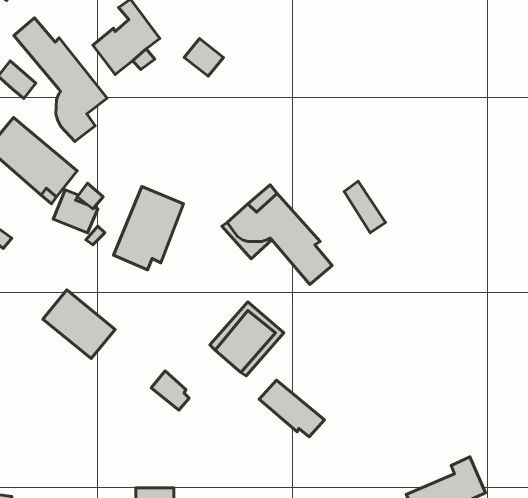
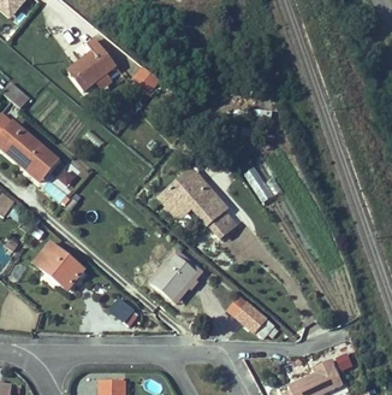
building: [14,18,107,142] -> none
building: [114,187,184,270] -> none
building: [259,380,325,437] -> [228,296,274,336]

